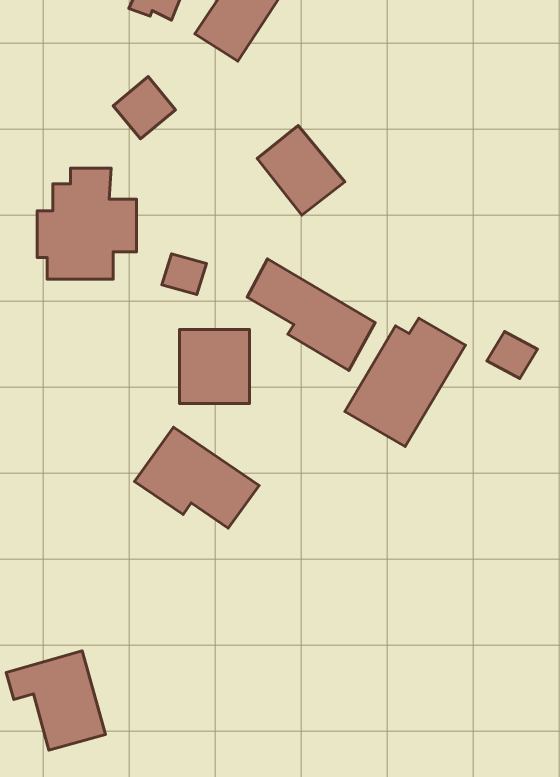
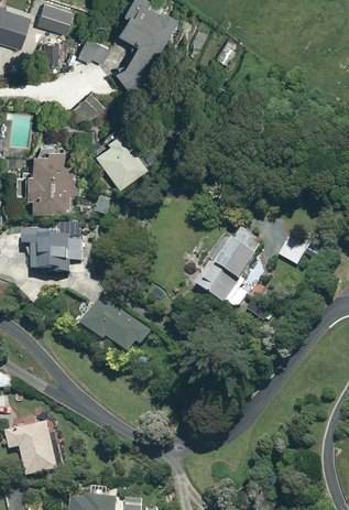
building: [257,125,345,215] -> [92,132,142,183]
building: [247,259,375,371] -> none
building: [180,330,250,404] -> [33,230,73,272]

